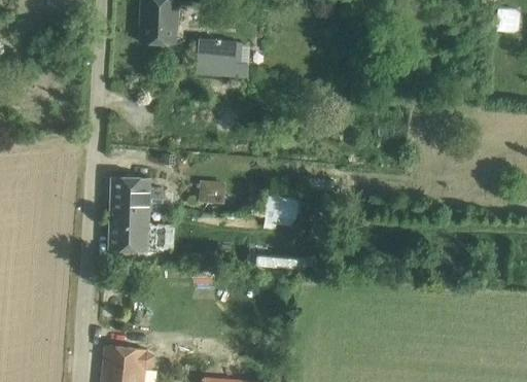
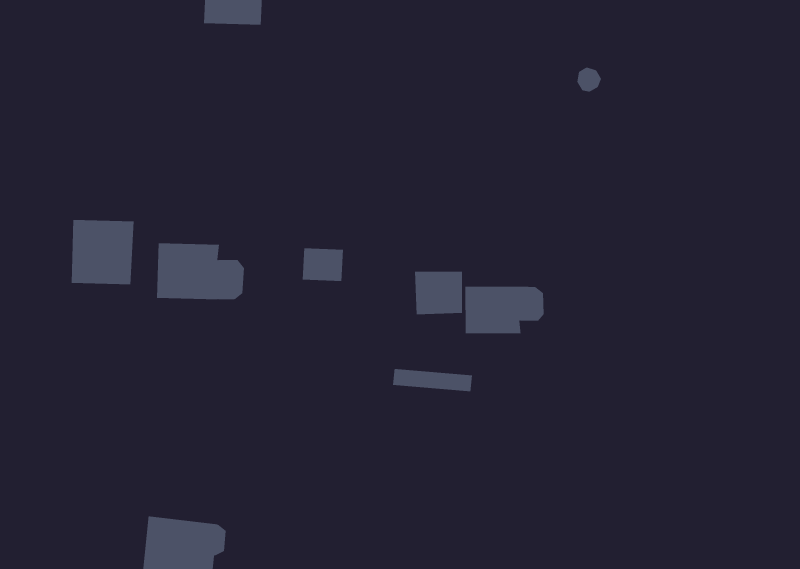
building: [194,37,250,79] -> none
building: none -> [465,286,544,334]
building: [109,211,148,251] -> [71,220,135,285]

